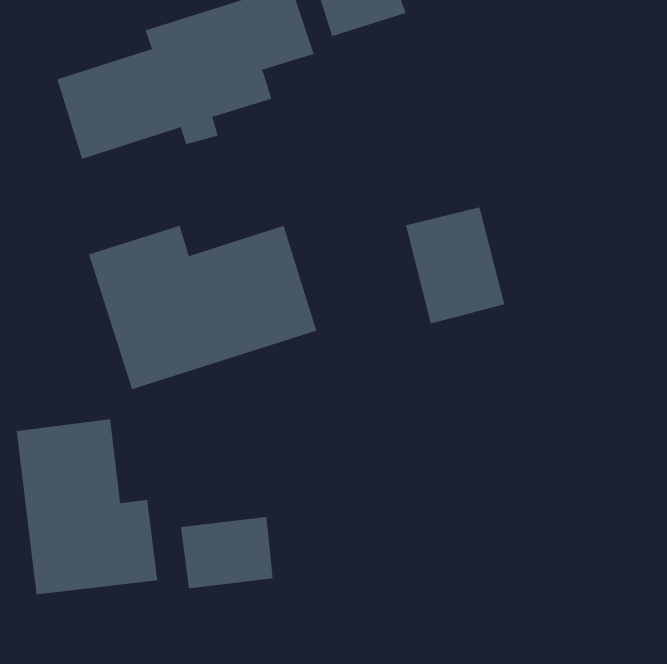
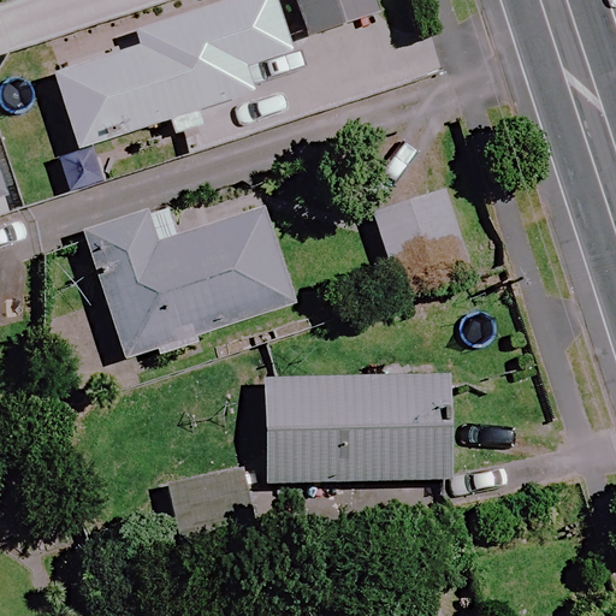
building: none -> [263,372,452,482]
building: [16,418,158,595] -> none

